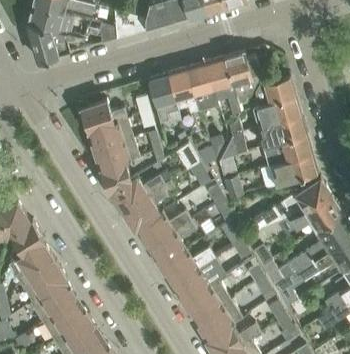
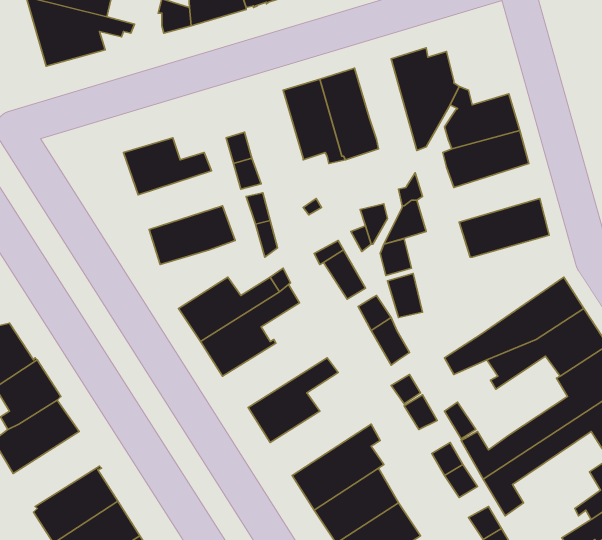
building: [206,58,242,116] -> none
building: [148,75,178,123] -> none
building: [260,115,307,147] -> none
building: [88,119,134,151] -> none
building: [260,154,318,189] -> none
building: [100,162,132,194] -> none
building: [134,213,191,248] -> none
building: [160,249,215,285] -> none
building: [20,261,67,302] -> none

